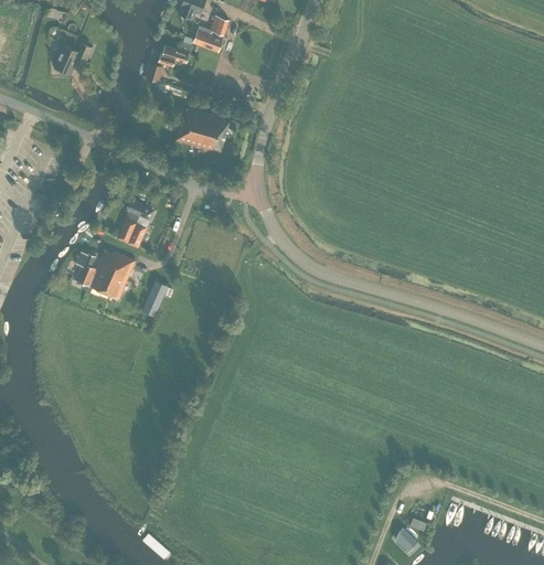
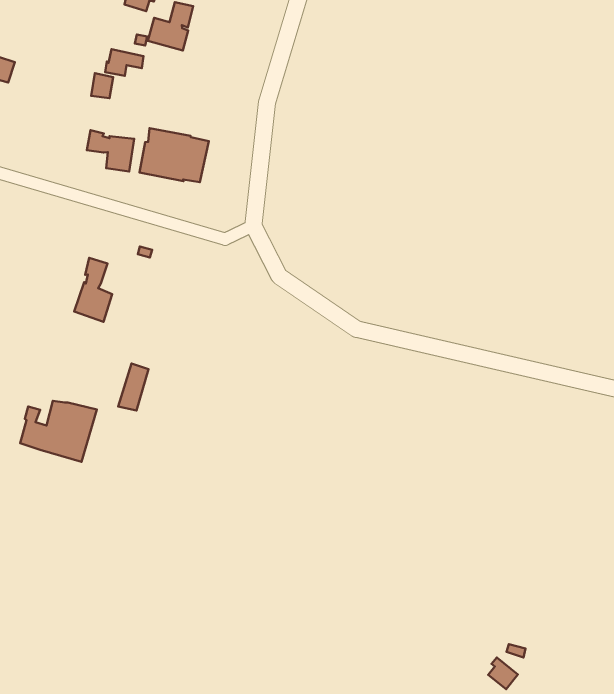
building: none -> [87,130,134,171]
building: [75,250,135,298] -> [20,401,97,462]

